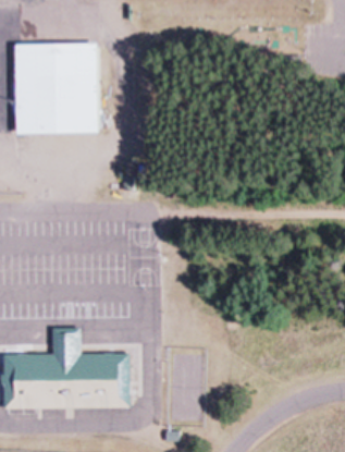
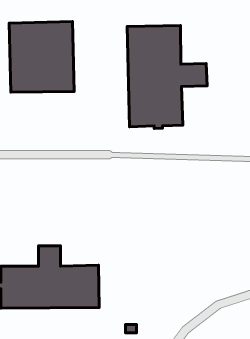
building: none -> [127,26,207,129]

